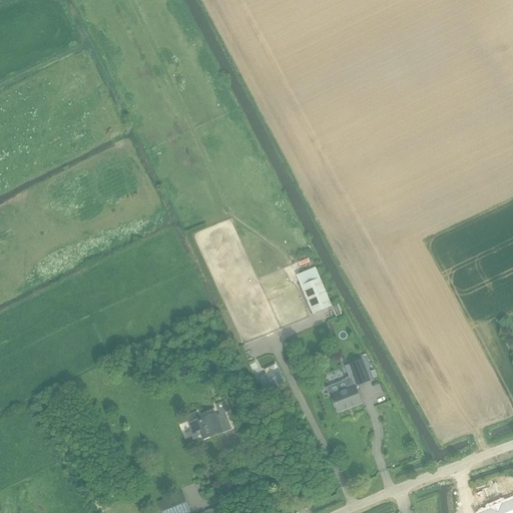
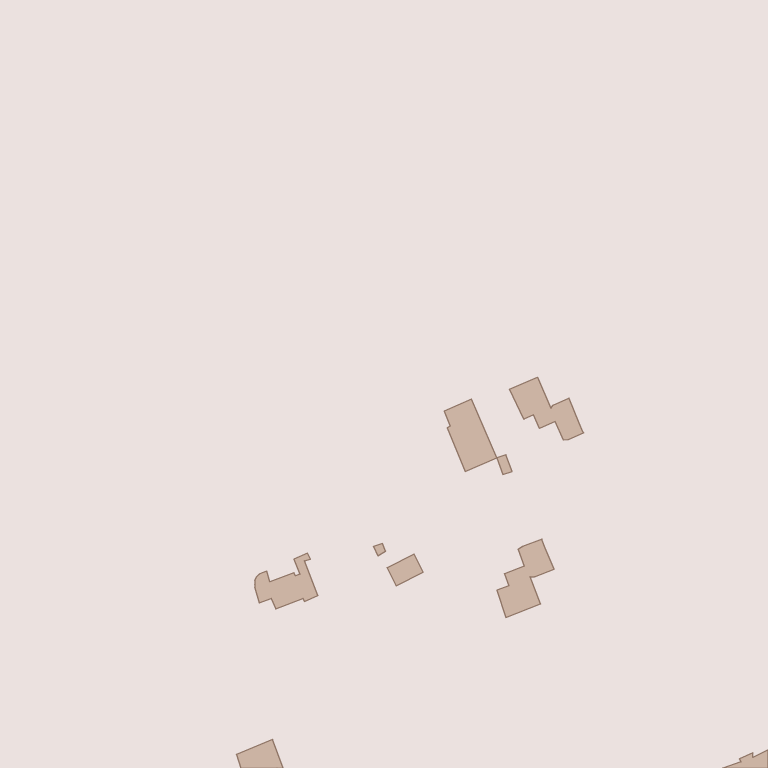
building: none -> [510,377,584,440]
building: [188,400,230,437] -> [255,553,318,609]

